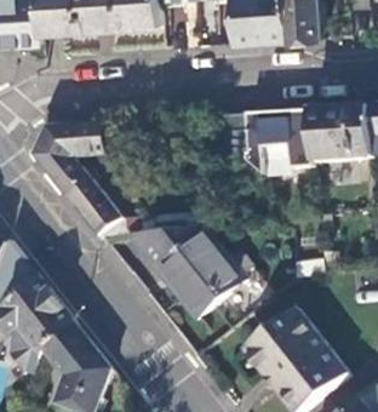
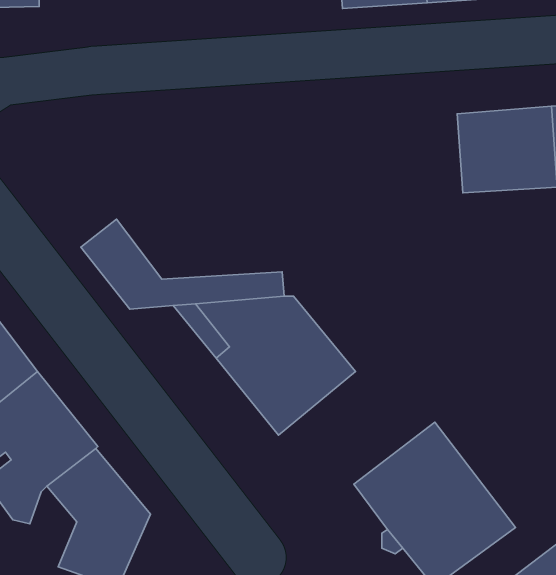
building: [224,111,314,177] -> none
building: [35,125,105,198] -> none

